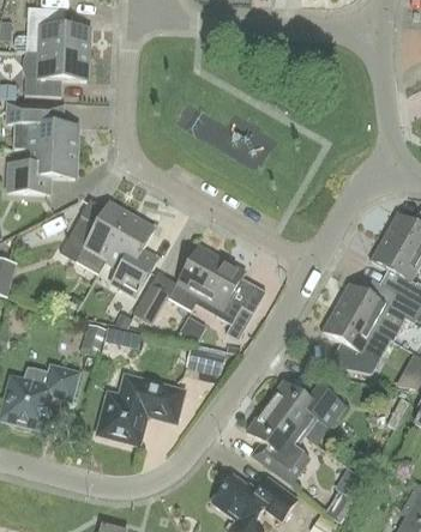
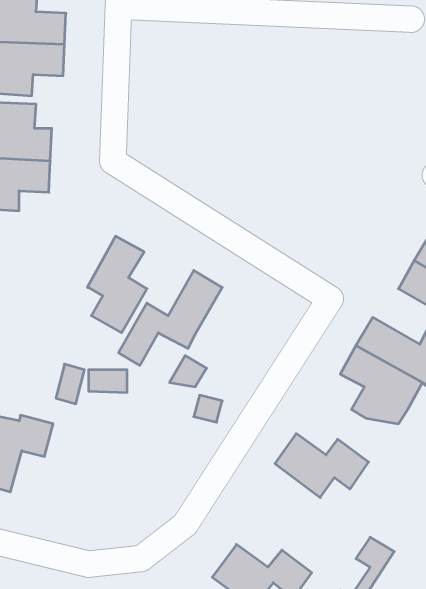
building: [60,201,131,270] -> none
building: [198,258,253,339] -> none
building: [96,374,186,446] -> none
building: [246,406,305,480] -> none

